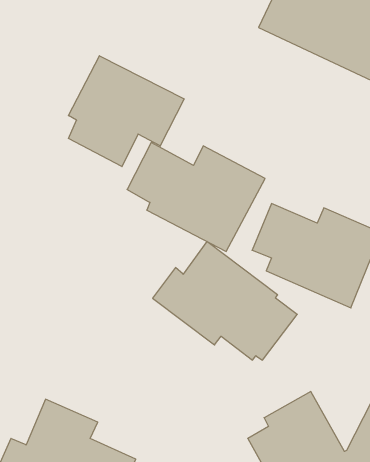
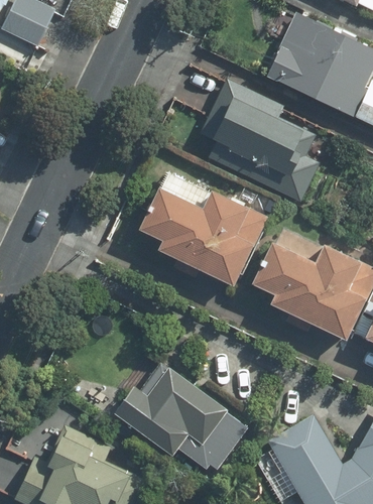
building: none -> [202,79,322,204]
building: [68,56,184,167] -> none
building: [153,242,297,360] -> [116,361,250,471]

